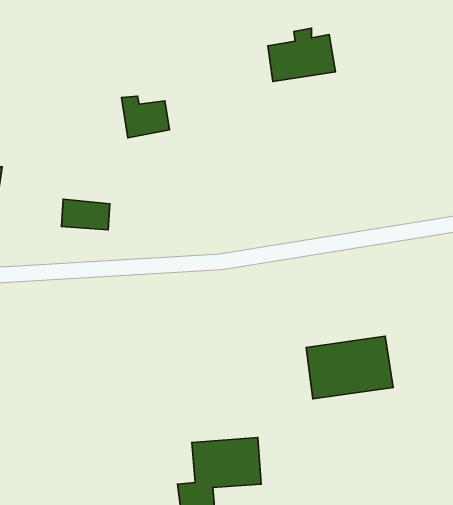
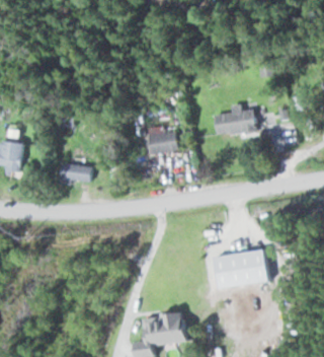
building: [268,28,336,81] -> [214,103,256,137]
building: [121,96,170,138] -> [148,128,178,154]

